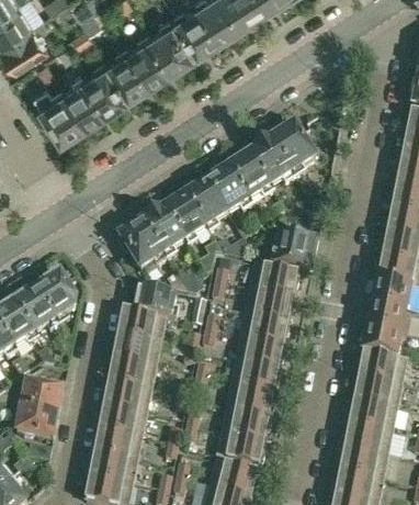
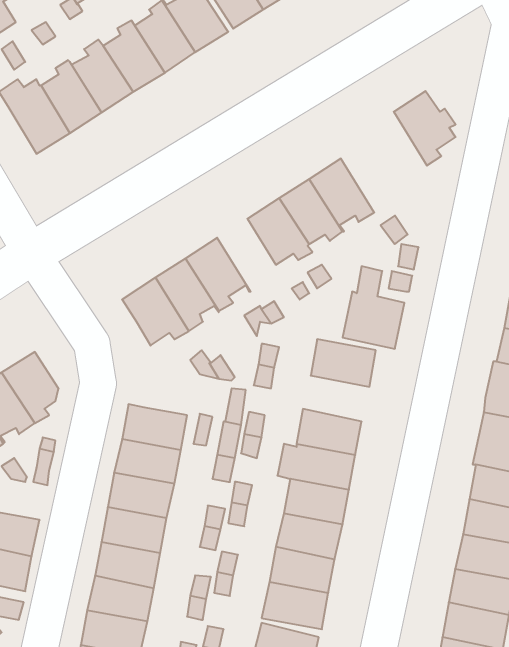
building: [270,126,313,178] -> [394,91,456,166]
building: [184,182,225,233] -> none
building: [134,287,174,319] -> none
building: [244,291,290,323] -> none

